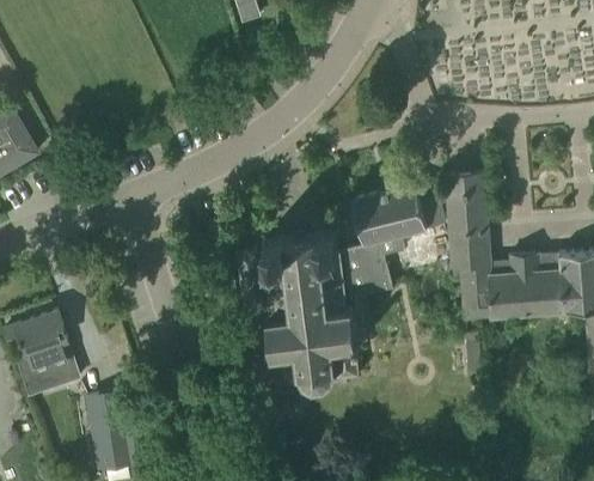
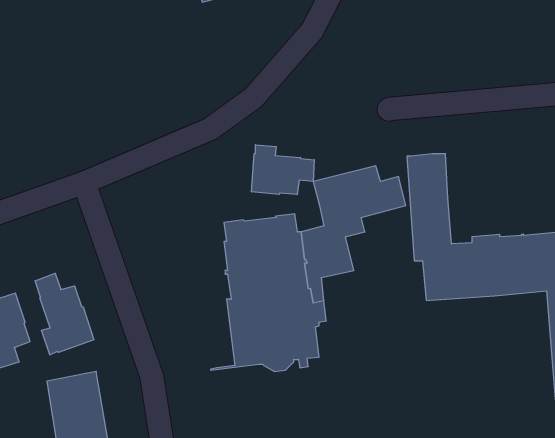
building: none -> [252,145,314,195]
building: none -> [35,273,94,355]

